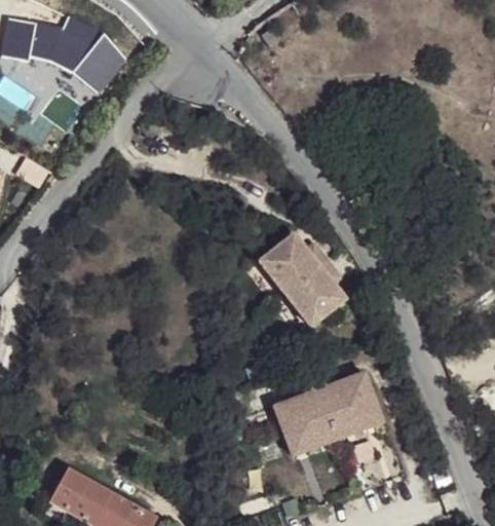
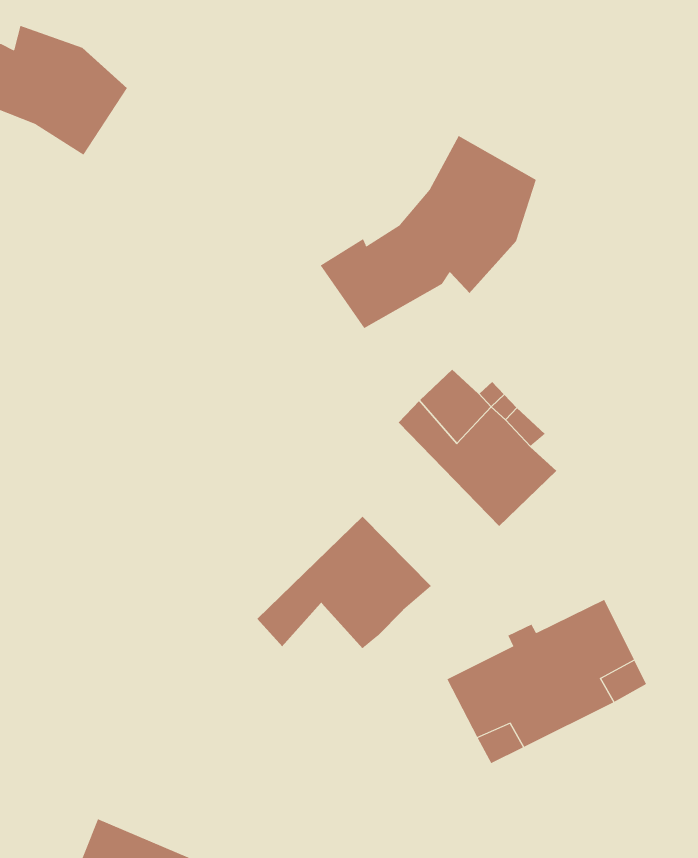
building: none -> [320,135,537,329]
building: none -> [256,516,432,649]

